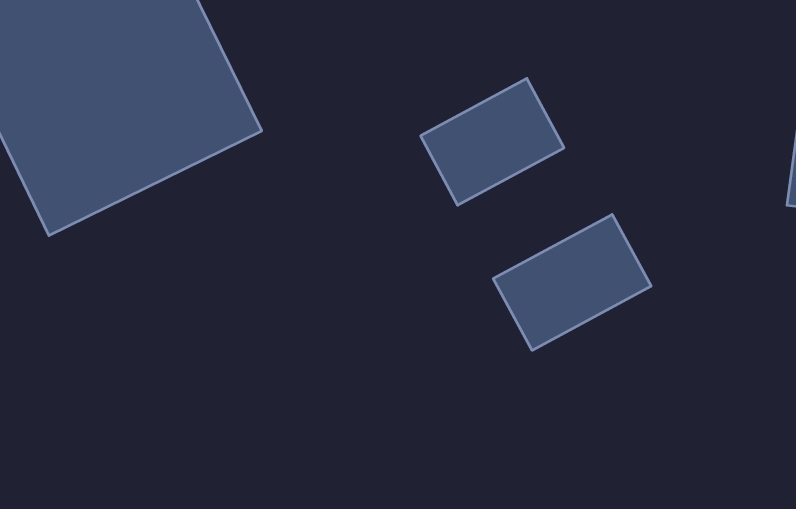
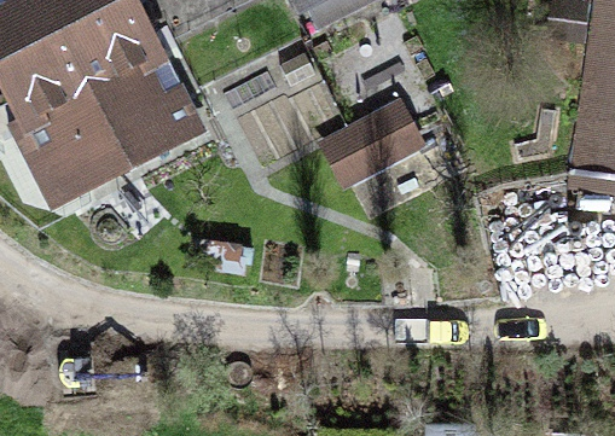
building: [493,214,651,350] -> none

